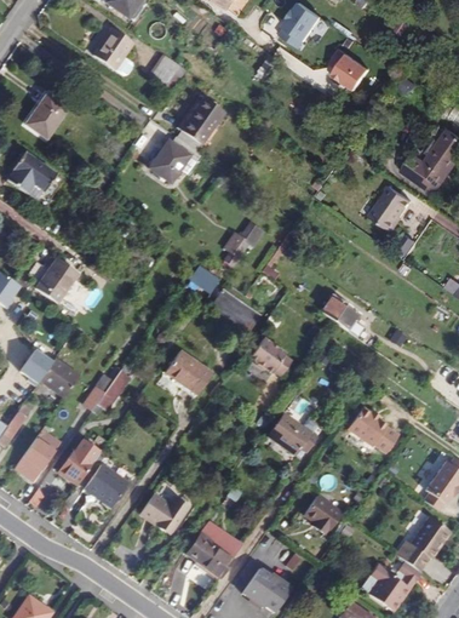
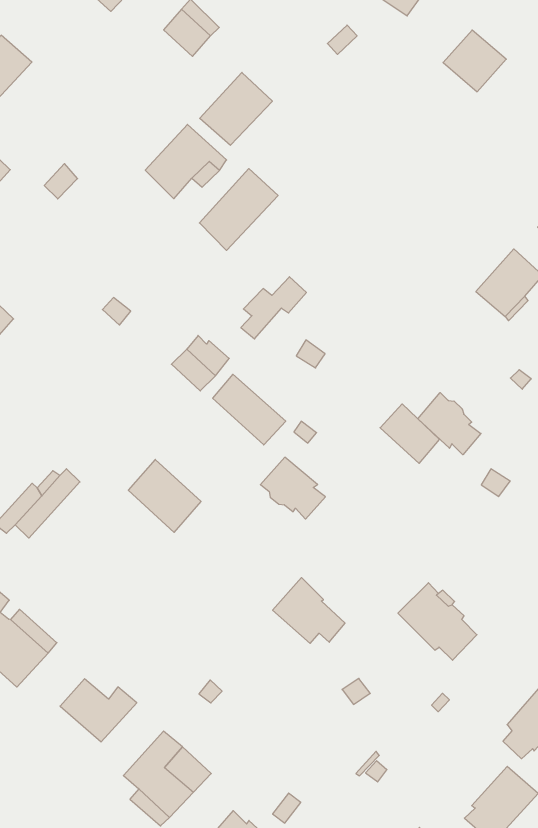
building: none -> [199,169,278,250]
building: none -> [418,393,481,455]
building: [303,496,342,536] -> none

